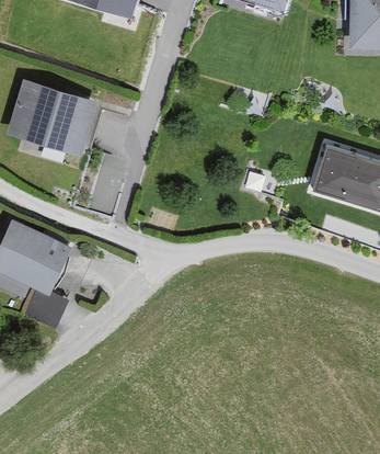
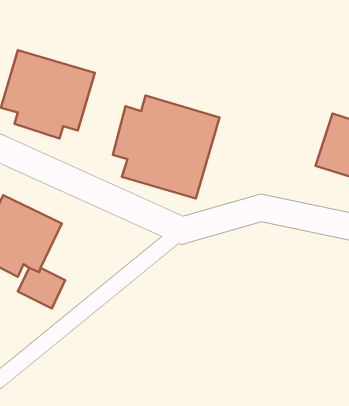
building: none -> [113,96,220,198]

